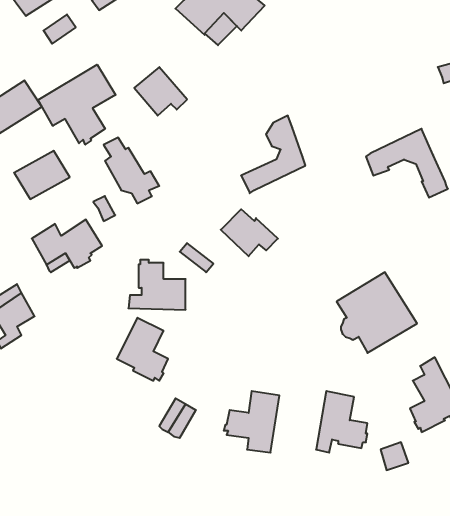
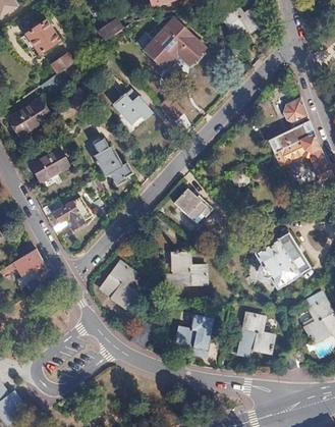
building: [38,65,116,145] -> none
building: [241,116,305,193] -> [269,97,314,151]
building: [128,260,186,310] -> [166,250,206,284]

